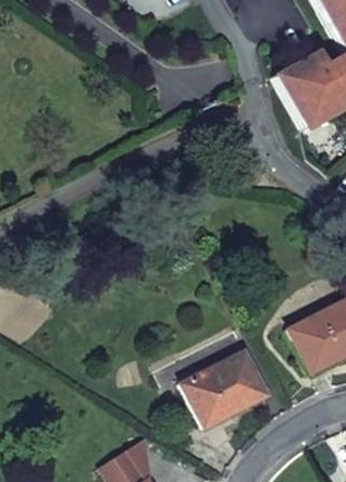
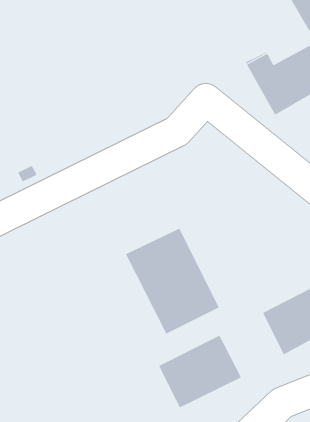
building: none -> [125,228,219,334]

